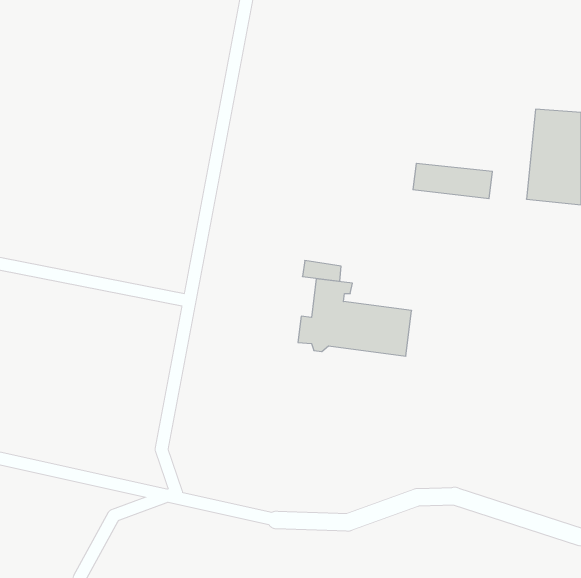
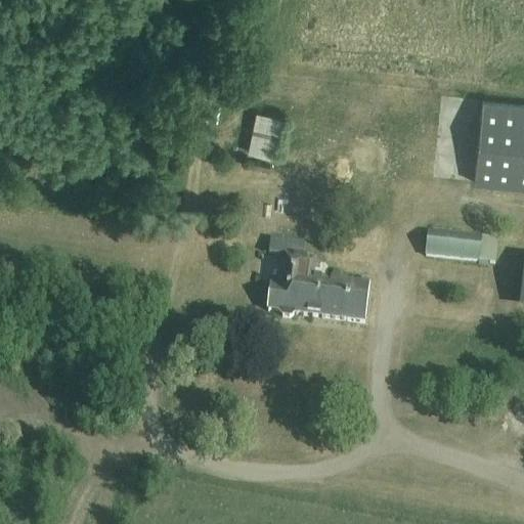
building: none -> [248,110,279,154]
building: [413,163,492,199] -> [426,231,497,263]

